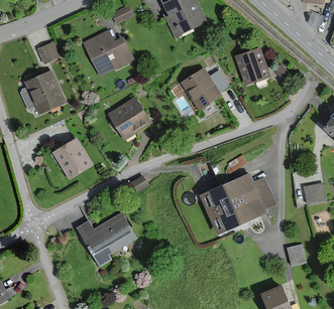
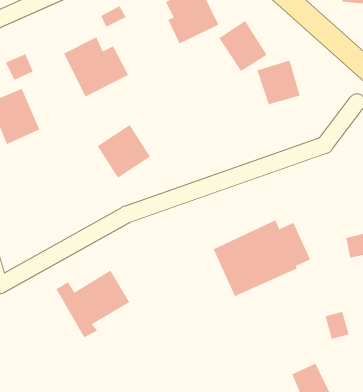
building: [181,68,219,109] -> [219,20,267,72]
building: [51,139,91,178] -> none

